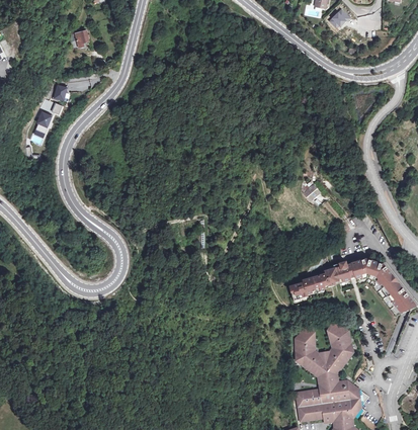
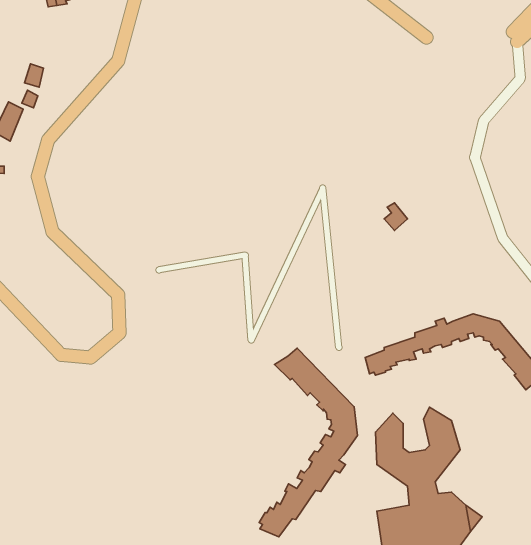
building: none -> [259,348,358,537]

